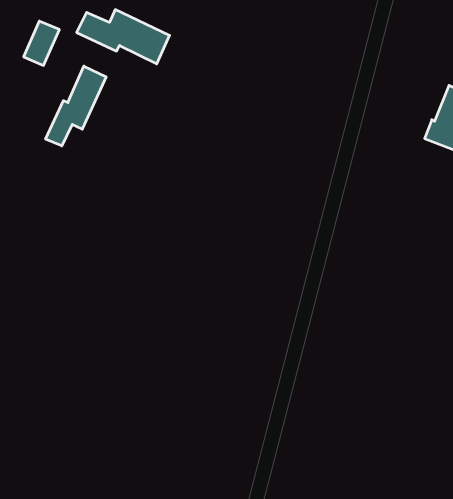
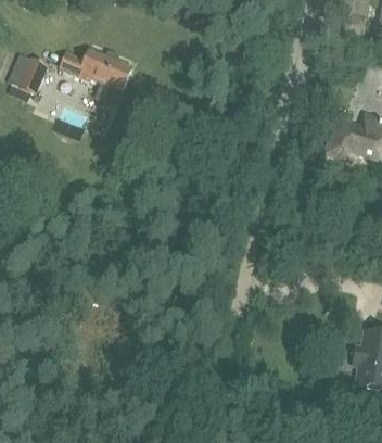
building: [46,66,106,146] -> none

